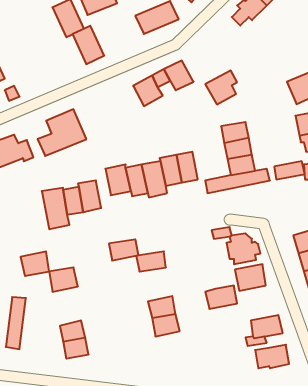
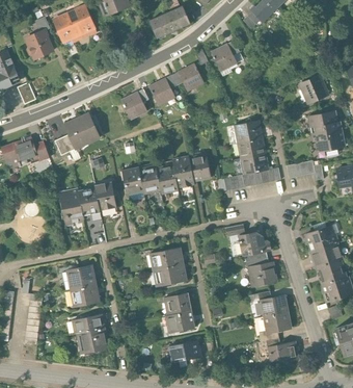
building: none -> [22,27,55,61]
building: [72,26,104,64] -> [51,10,82,48]
building: [205,70,237,104] -> [209,40,240,73]
building: none -> [120,90,148,120]
building: [109,239,139,261] -> [154,265,183,286]
building: [21,251,49,276] -> [69,284,97,308]
building: [205,286,237,309] -> [259,294,290,317]
building: none -> [168,340,202,364]

